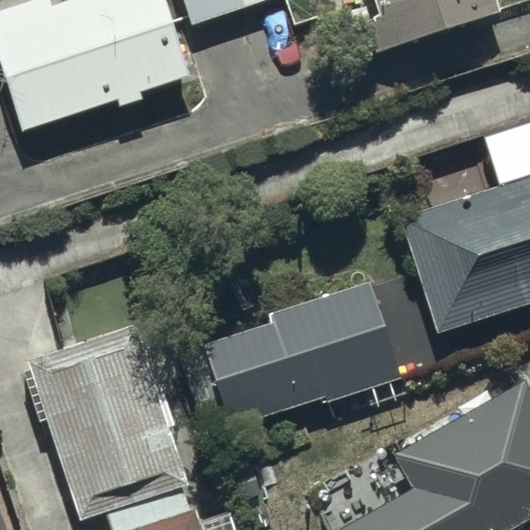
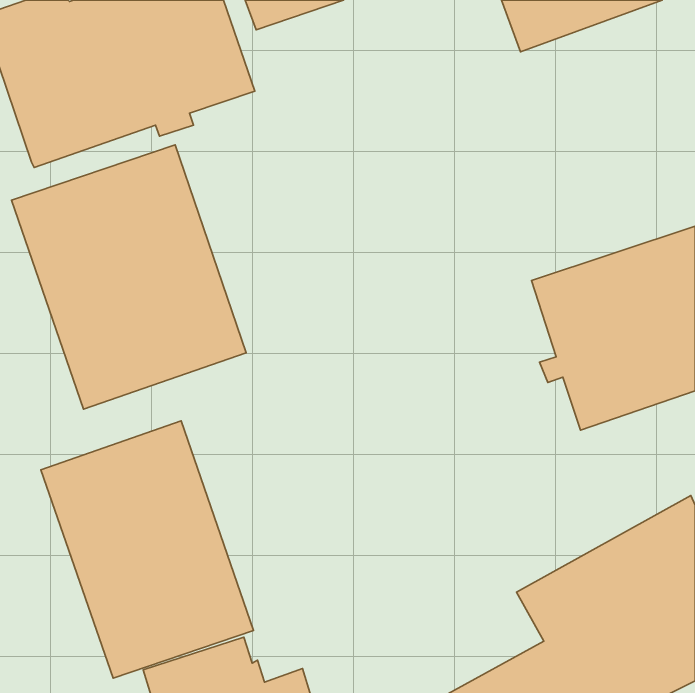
building: none -> [11,145,246,409]
building: [205,283,399,432] -> none

